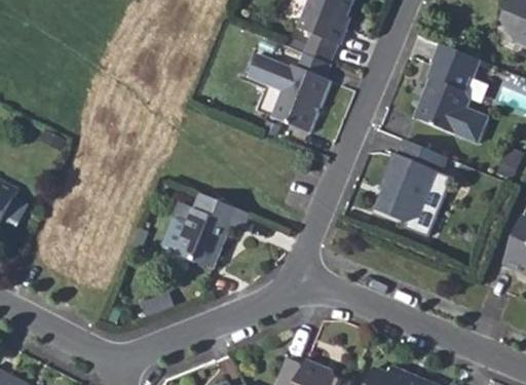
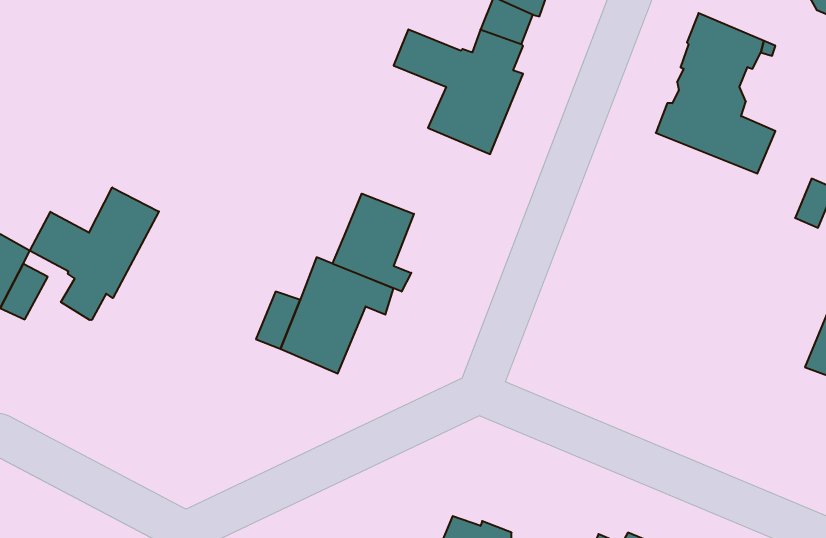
building: [375,137,449,233] -> none
building: none -> [30,187,159,320]
building: none -> [333,194,414,292]

